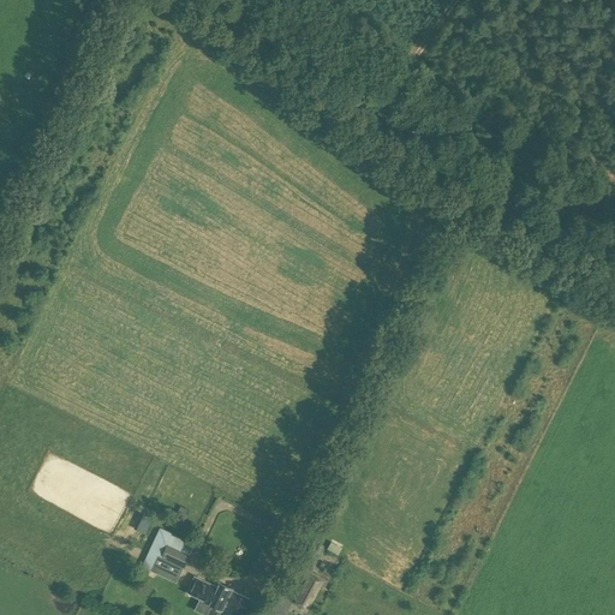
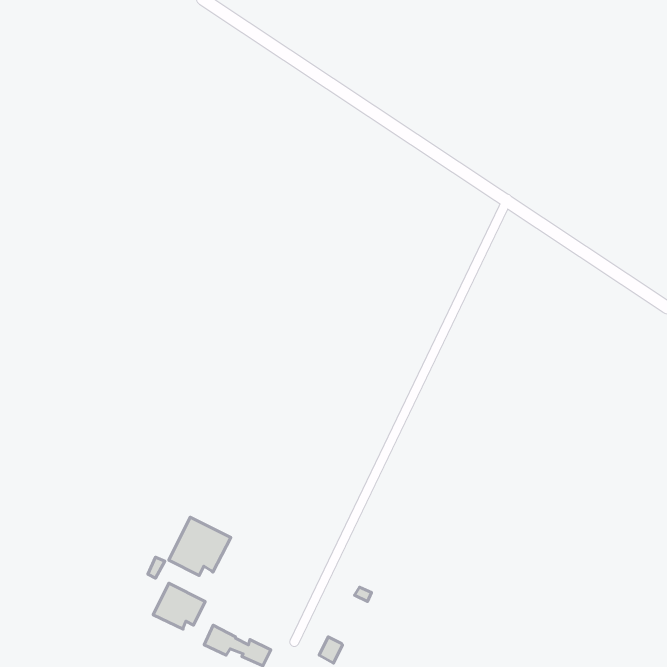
building: none -> [169,517,231,575]

